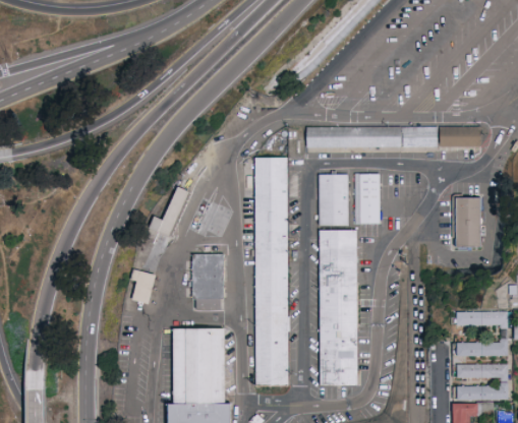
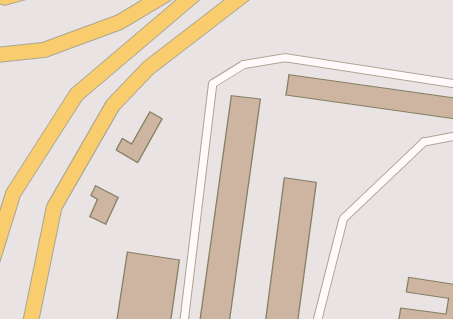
building: [355,173,380,224] -> none
building: [322,175,348,225] -> none
building: [455,196,481,247] -> none
building: [190,255,225,307] -> none

